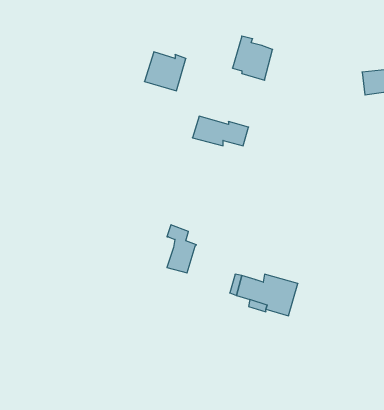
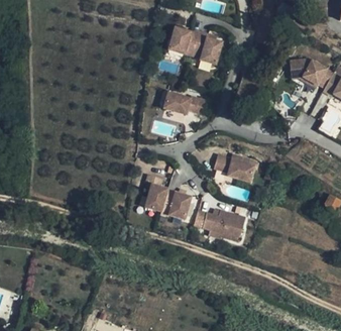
building: [144,52,186,91] -> [168,25,200,54]
building: none -> [213,153,252,181]
building: none -> [157,189,189,218]

